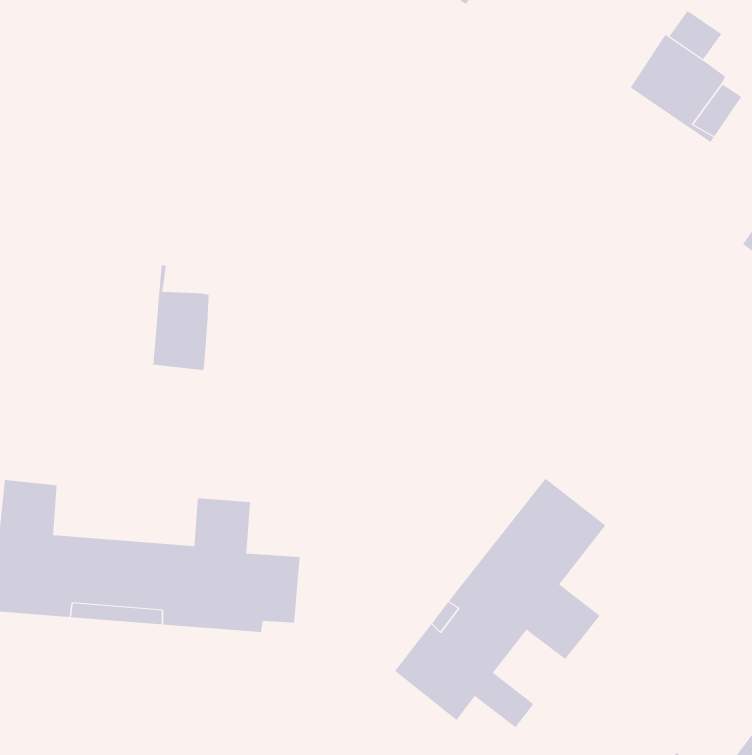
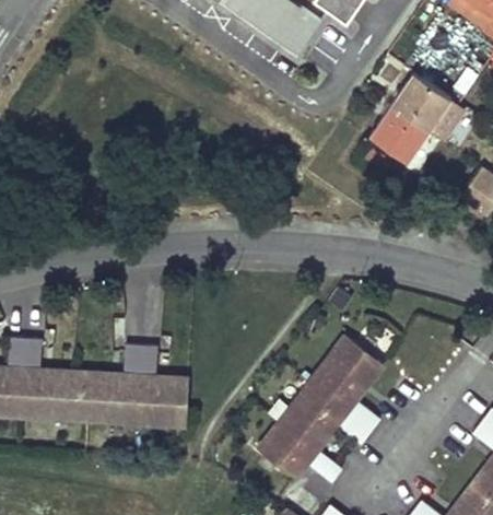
building: none -> [357,104,443,182]
building: [153,265,209,371] -> none

